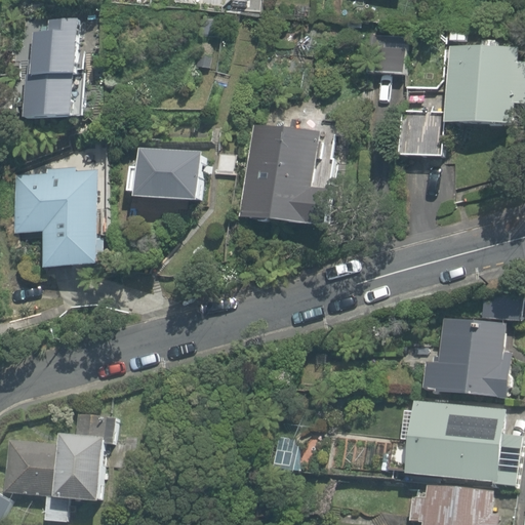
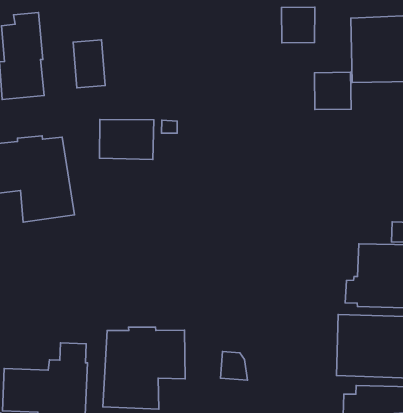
building: none -> [73,40,105,88]
building: [240,123,333,227] -> none
building: none -> [103,327,185,409]

